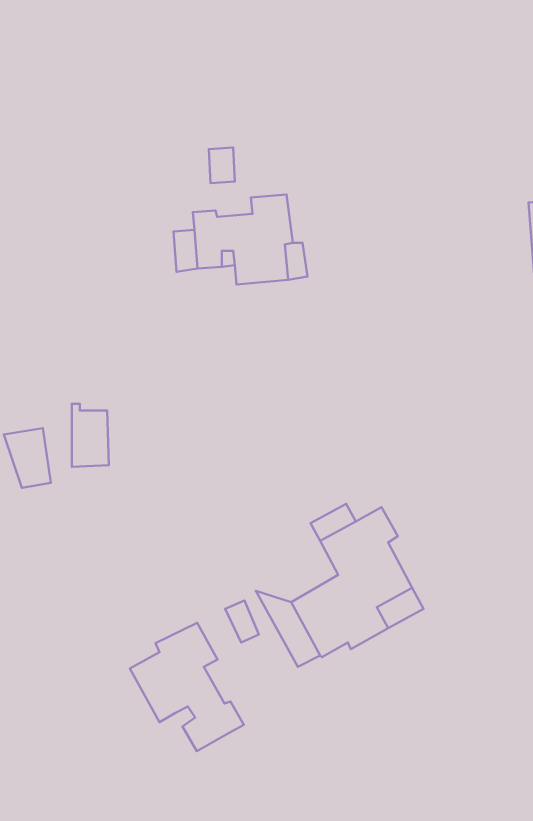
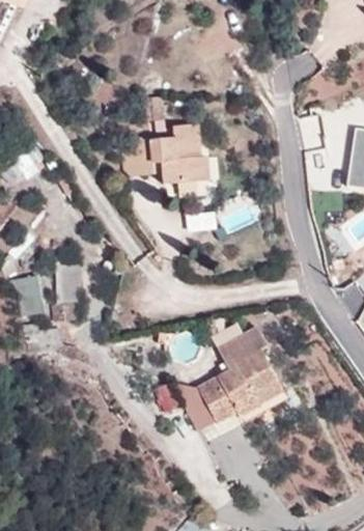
building: [130,623,244,751] -> none

